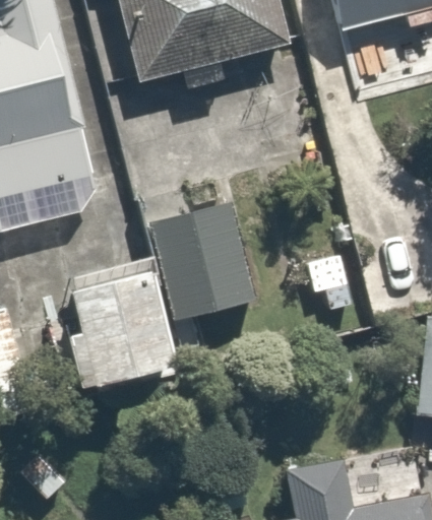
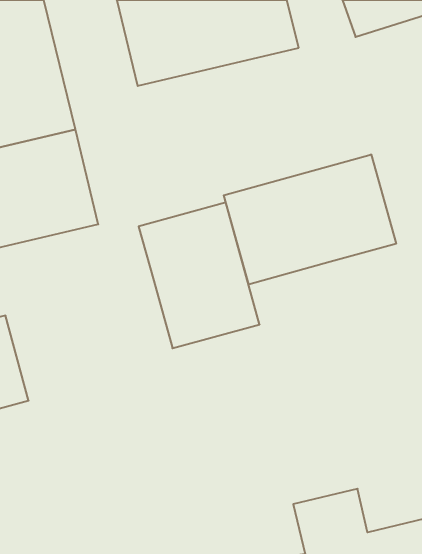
building: none -> [224,154,396,284]
building: [54,262,182,389] -> none

